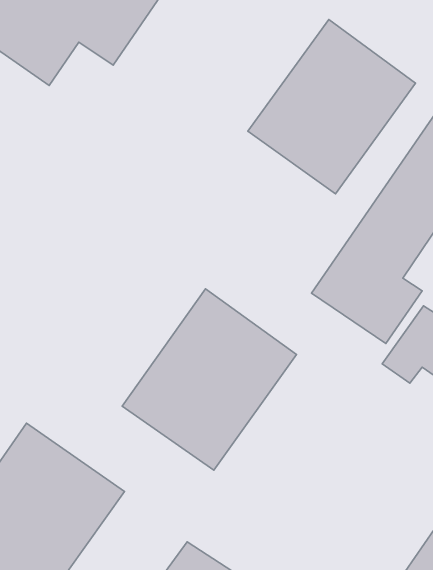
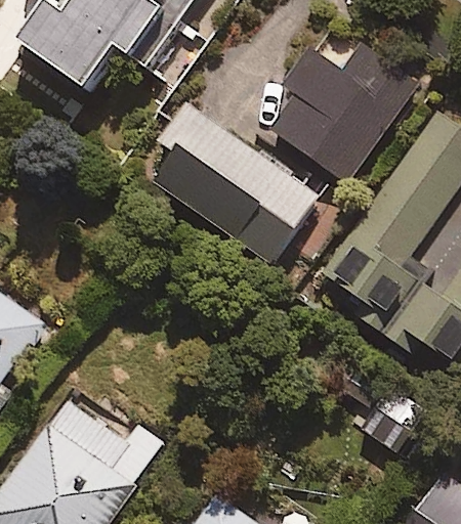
building: none -> [157,106,318,264]
building: [122,289,296,470] -> none

